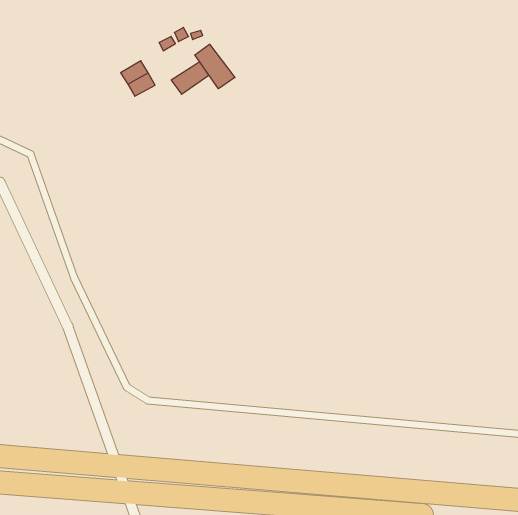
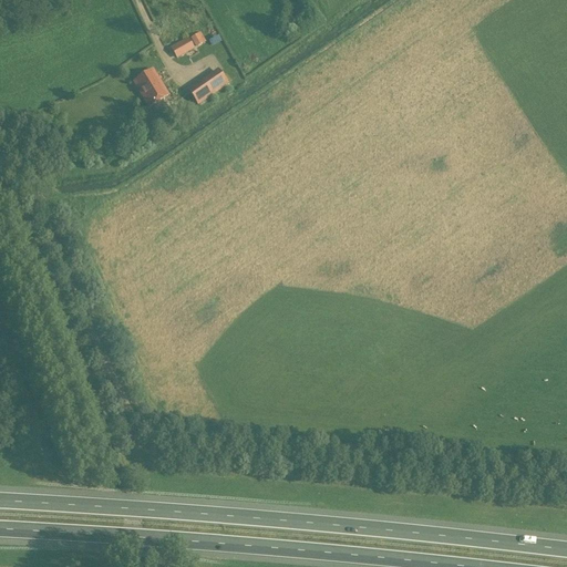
building: [195,44,235,89] -> none

